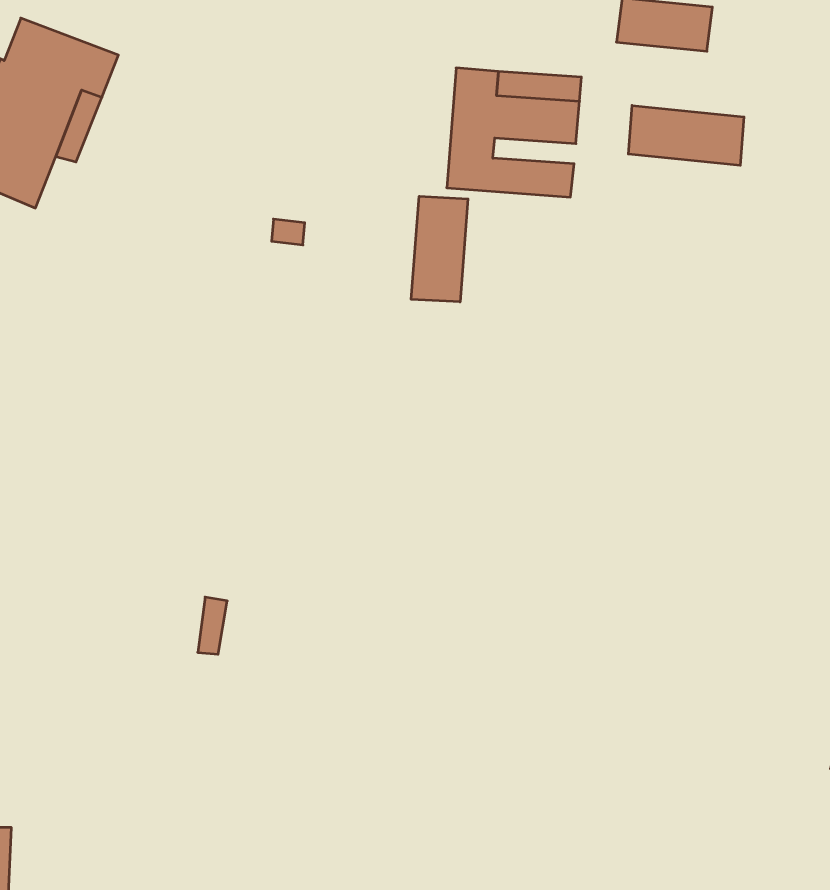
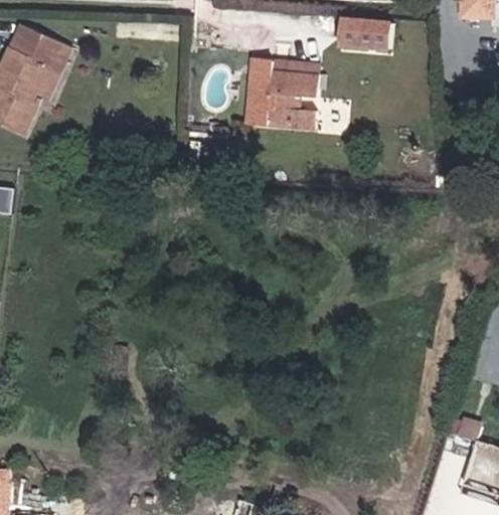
building: [628,105,744,165] -> none
building: [411,196,468,302] -> none

